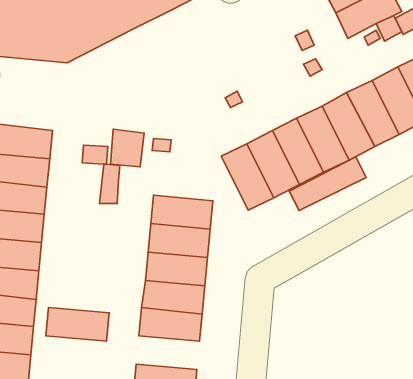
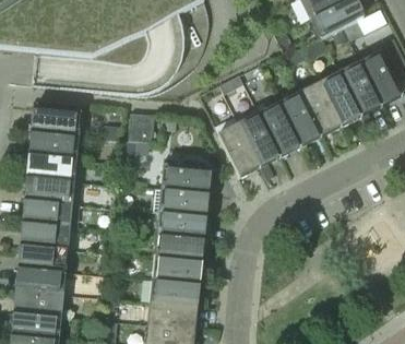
building: [289,157,366,211] -> none
building: [46,308,109,341] -> [148,276,200,304]

